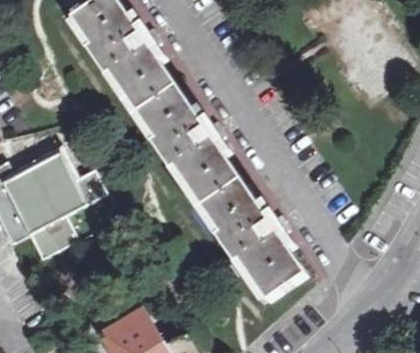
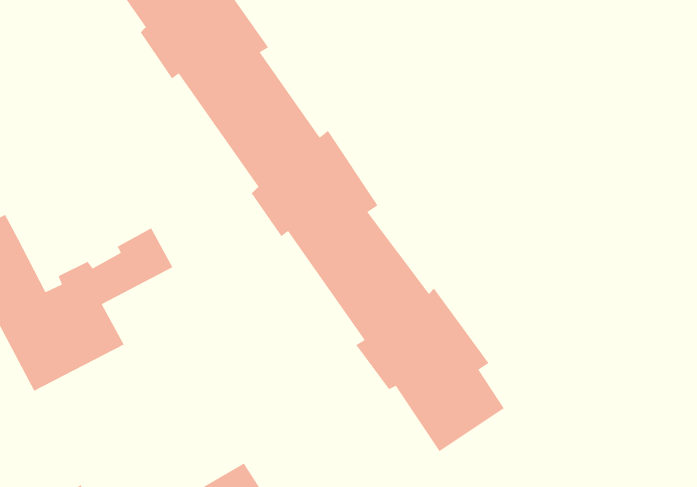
building: [13,149,73,204] -> none

